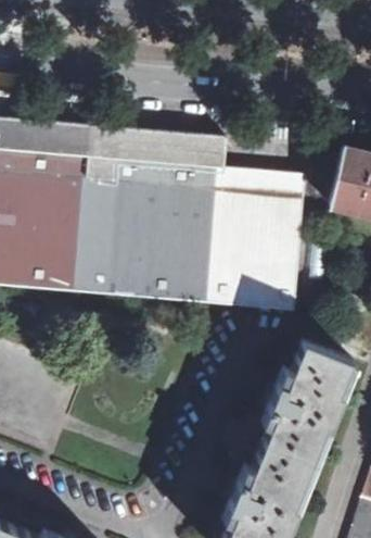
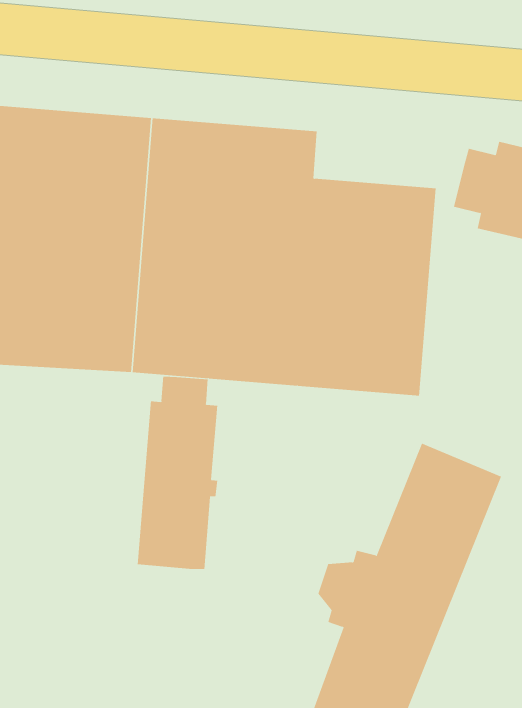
building: none -> [137,376,218,570]

